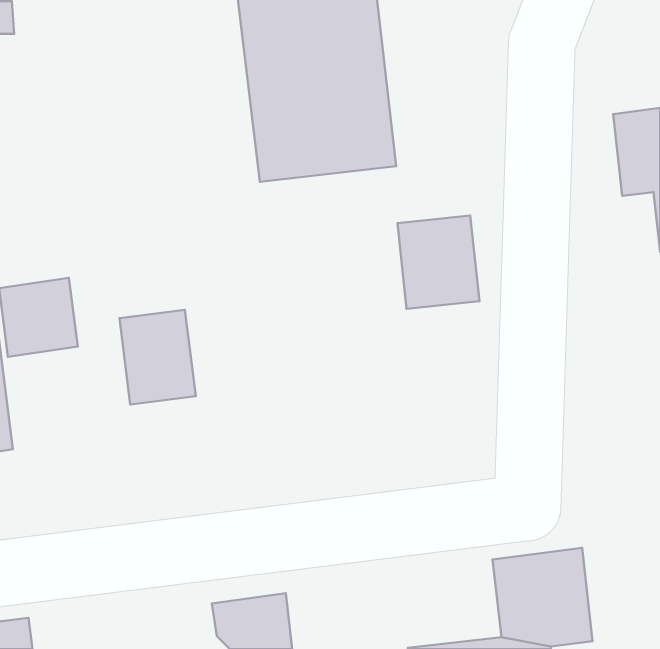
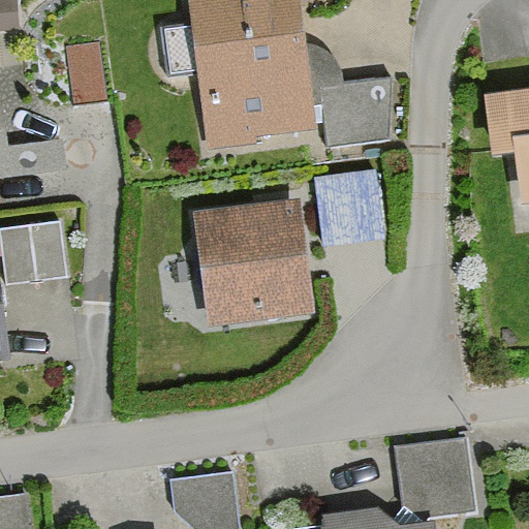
building: none -> [320,55,395,143]
building: none -> [195,198,315,326]
building: [119,310,196,404] -> none

